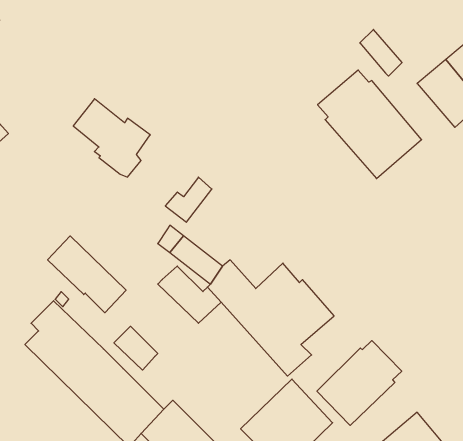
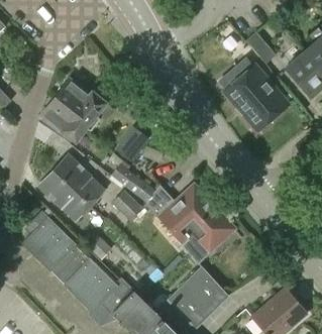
building: none -> [40,96,86,142]
building: none -> [52,154,105,206]
building: [317,341,402,425] -> none

